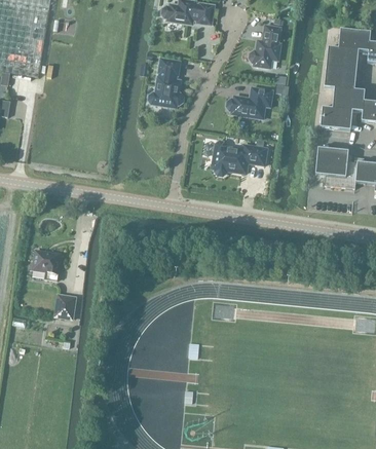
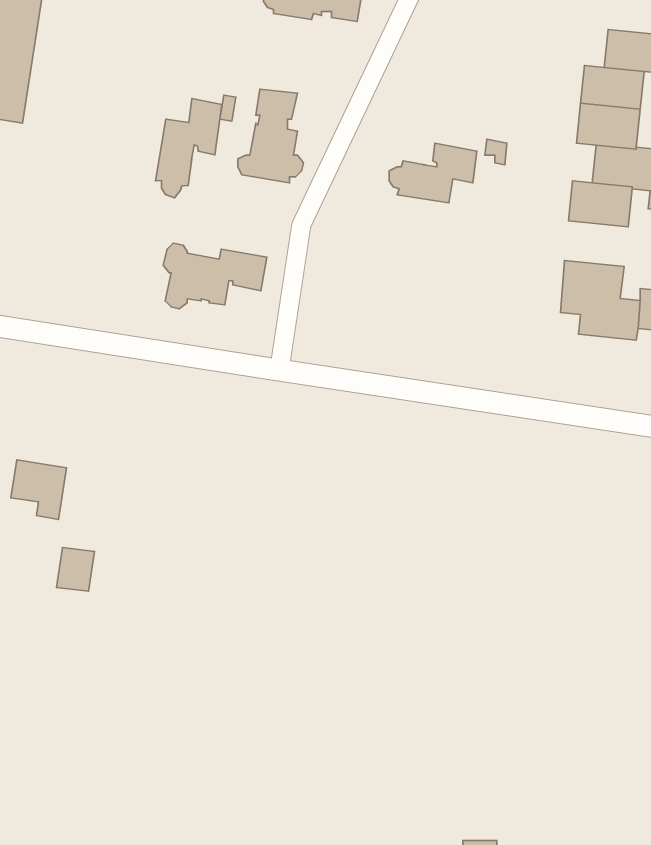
building: [250,25,280,67] -> none
building: none -> [156,98,222,198]
building: [214,141,267,175] -> [163,243,267,309]

